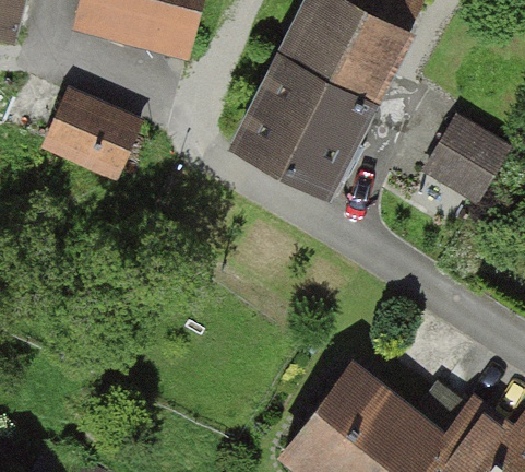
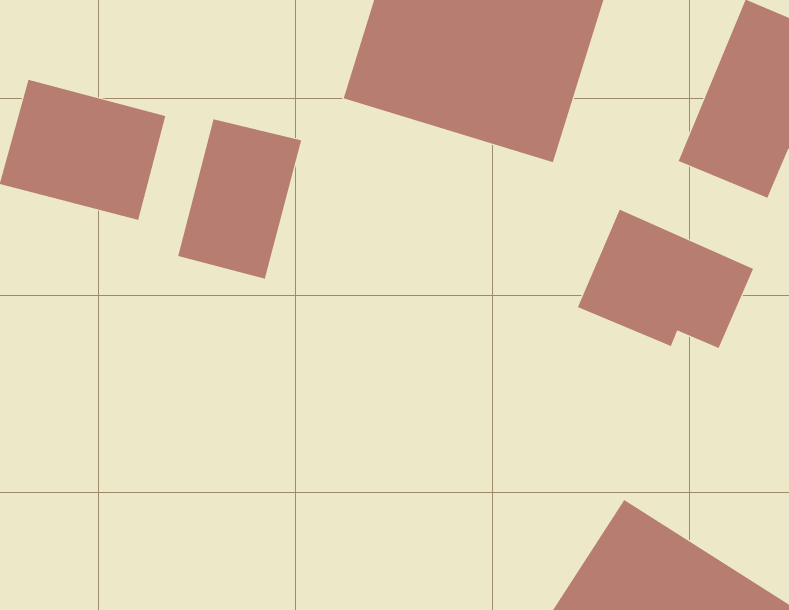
building: none -> [178,119,302,279]
building: none -> [577,209,754,349]

